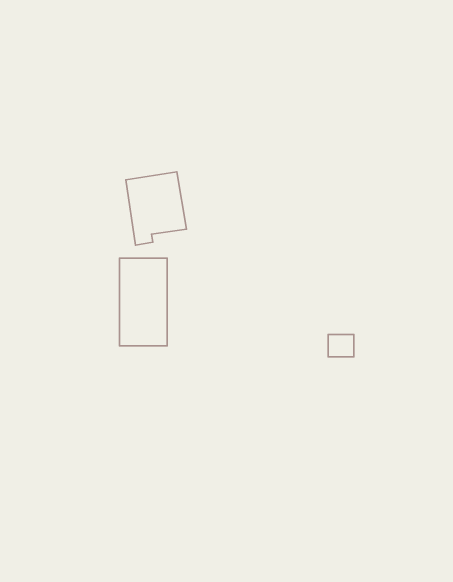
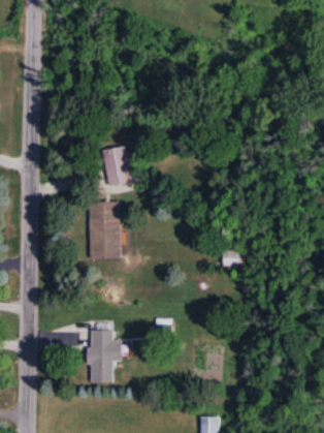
building: none -> [90,330,123,382]

